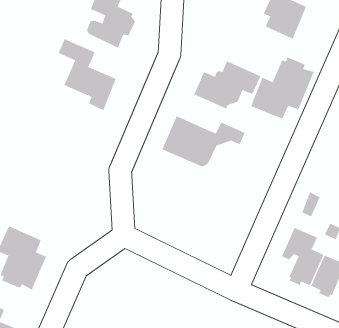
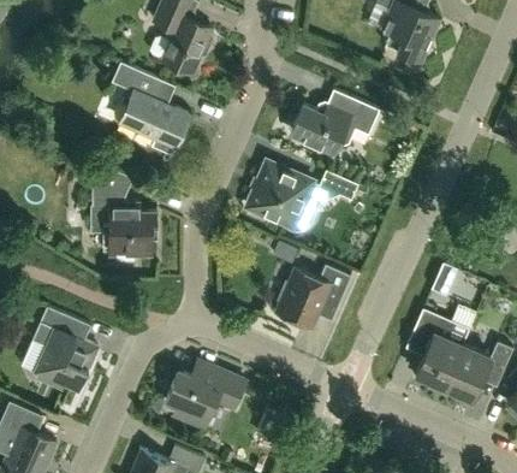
building: [251,56,314,120] -> none
building: none -> [85,161,158,265]
building: none -> [277,266,351,327]
building: none -> [166,360,245,427]

